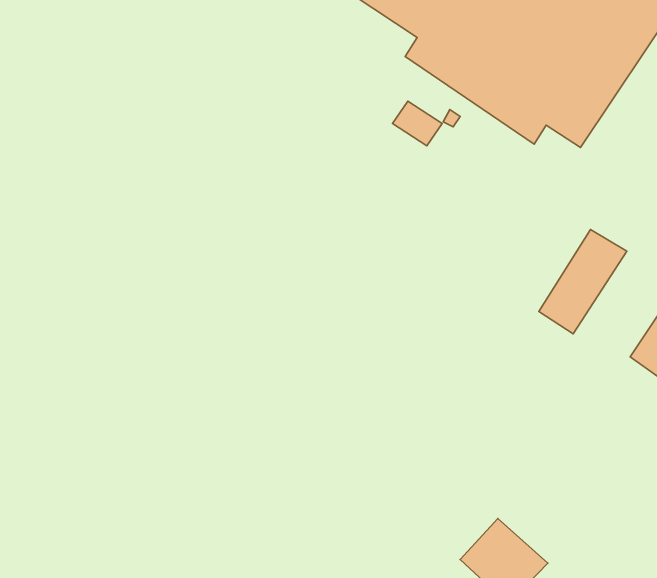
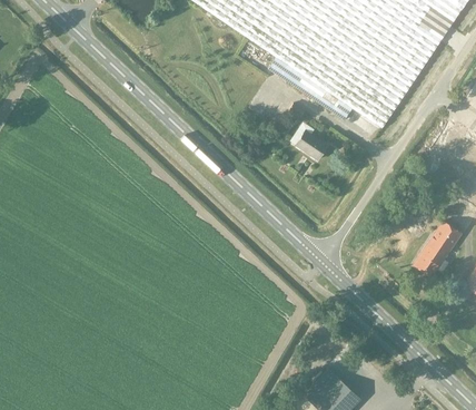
building: [392,101,442,146] -> [296,129,328,158]
building: [539,230,627,334] -> none

